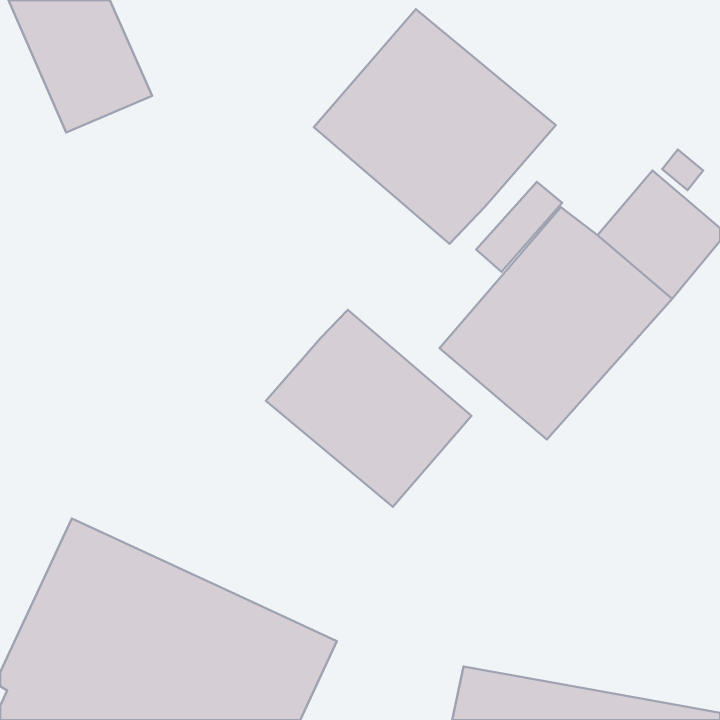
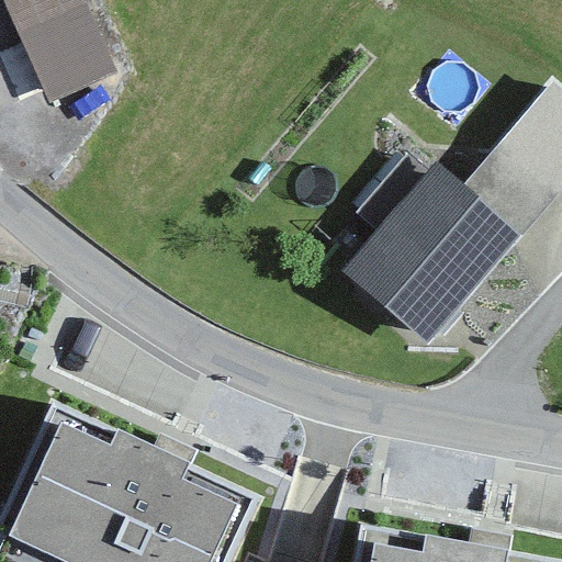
building: [314,9,556,244] -> none
building: [266,310,471,507] -> none

